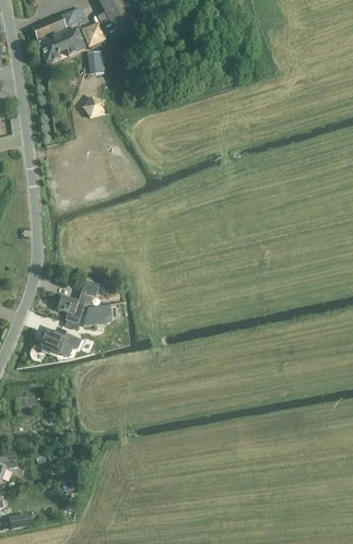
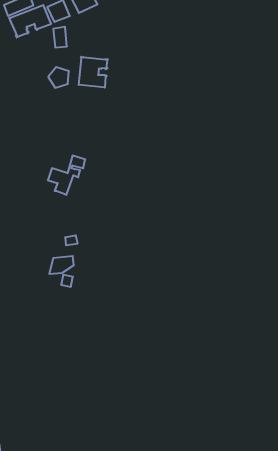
building: none -> [79,57,108,88]
building: [57,280,98,323] -> [48,156,85,195]
building: [40,328,81,355] -> none

